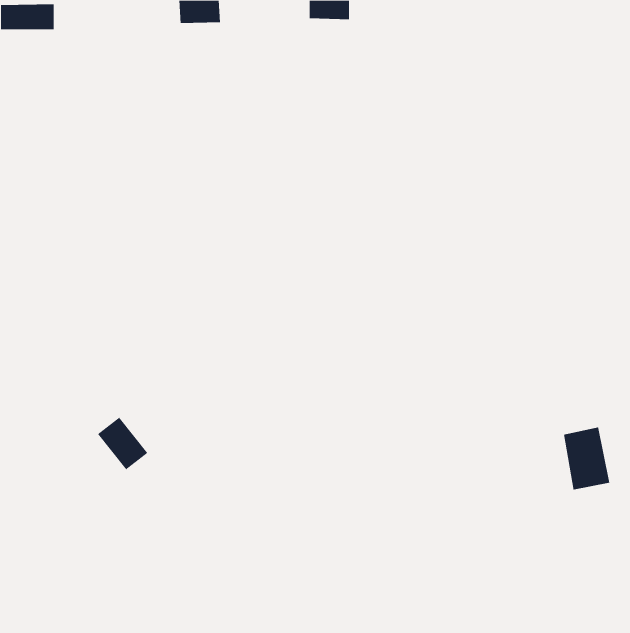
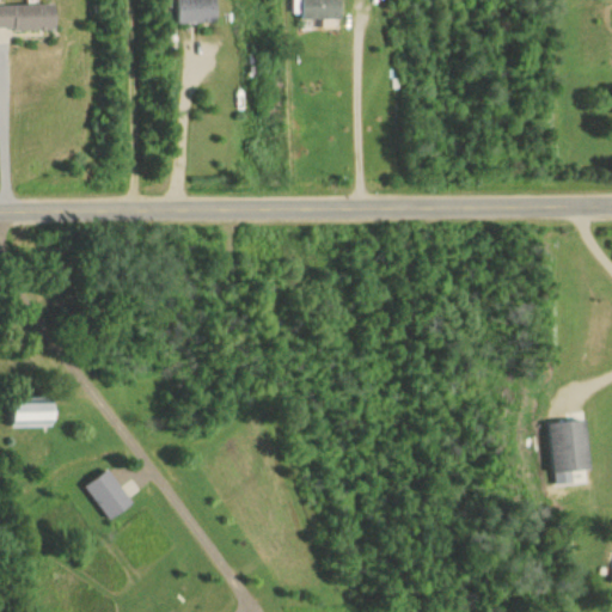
building: [97,417,148,470] -> [84,465,133,516]
building: none -> [16,403,56,427]

